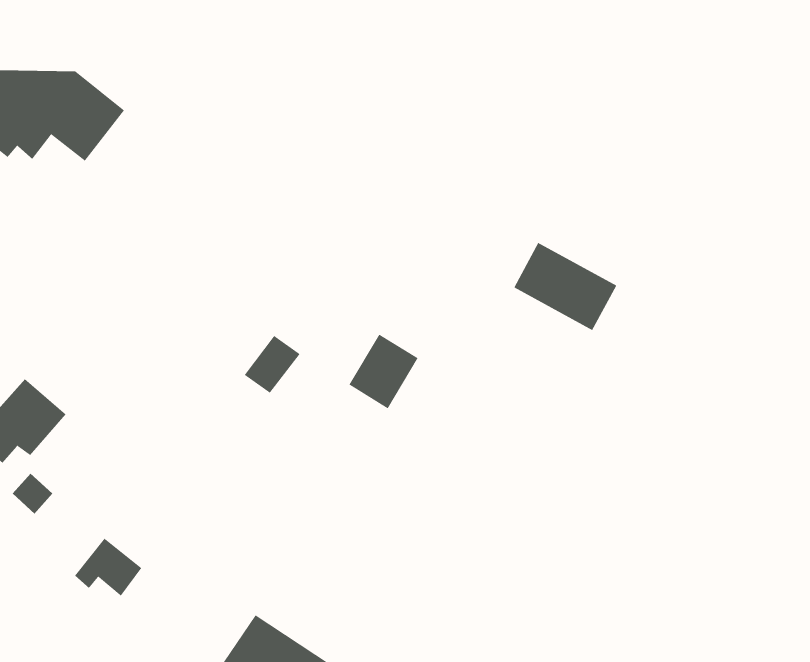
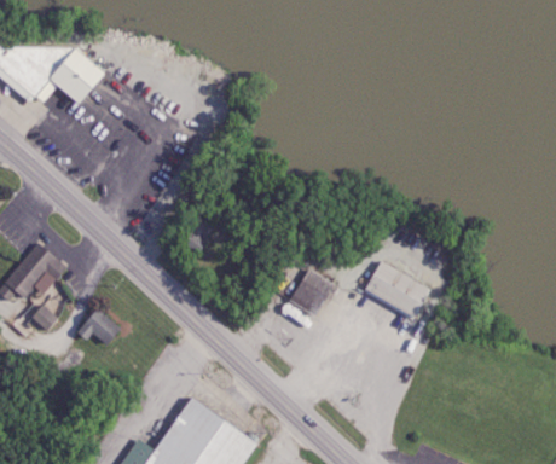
building: [513,242,617,331] -> [360,261,427,318]
building: [349,334,418,409] -> [290,268,335,317]
building: [74,538,142,596] -> [76,308,120,346]

